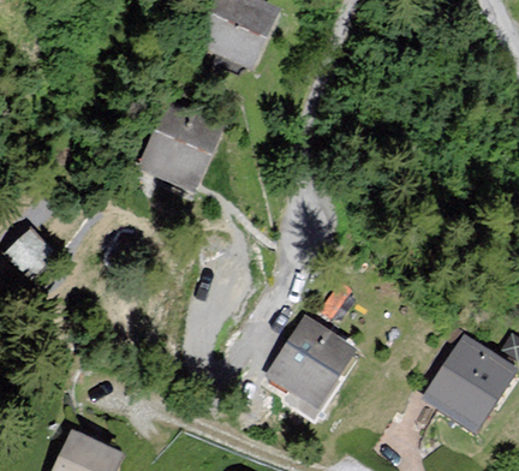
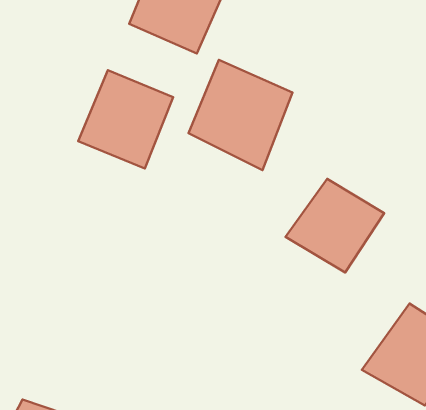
building: none -> [189,60,292,170]
building: [261,314,360,409] -> [286,179,384,273]

